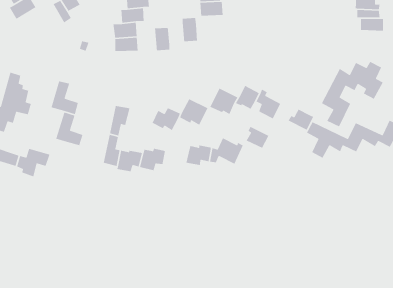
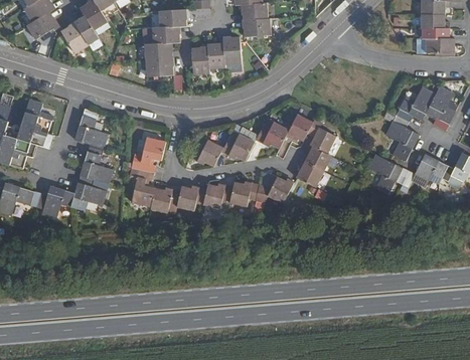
building: none -> [62,21,91,53]
building: none -> [208,42,225,67]
building: [288,108,314,131] -> [301,145,331,170]
building: none -> [69,174,106,209]
building: none -> [202,181,231,206]

